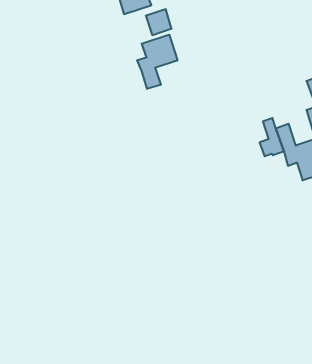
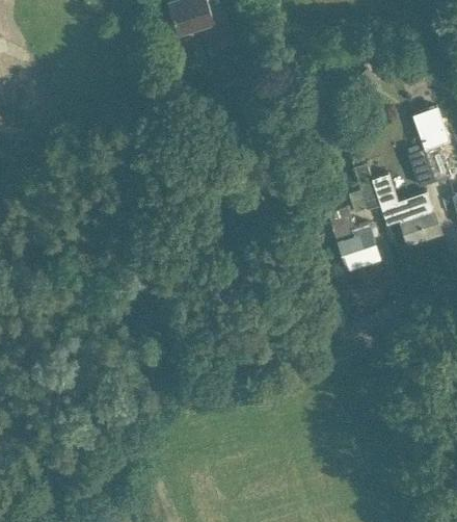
building: [137,35,177,89] -> none
building: none -> [330,208,380,271]

